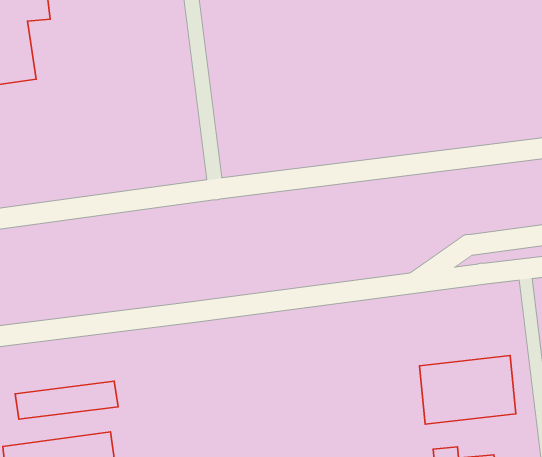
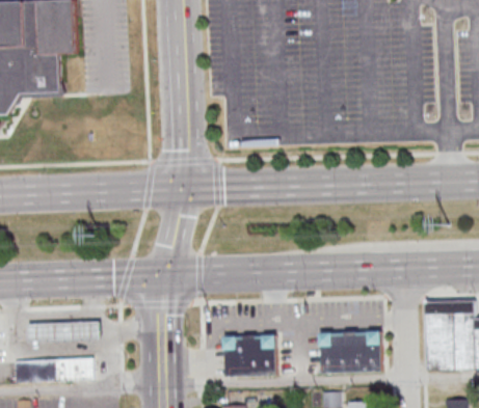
building: none -> [225,333,280,376]

